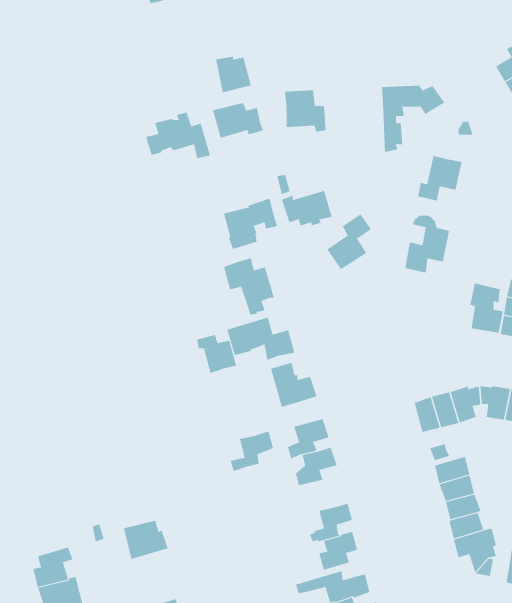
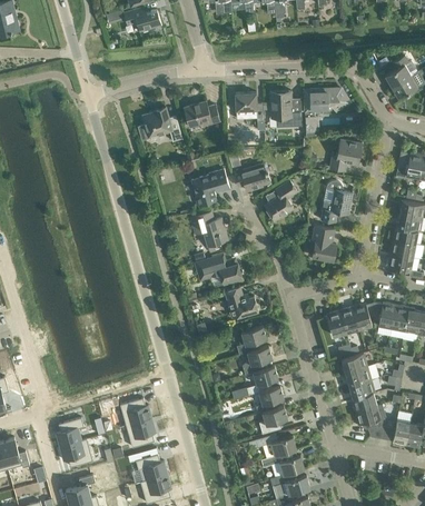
building: [216,56,251,93] -> none
building: none -> [269,91,302,127]
building: [469,283,504,333] -> [312,225,336,260]
building: [197,334,237,374] -> none
building: [230,431,274,472] -> [247,366,278,395]
building: none -> [126,418,156,447]

